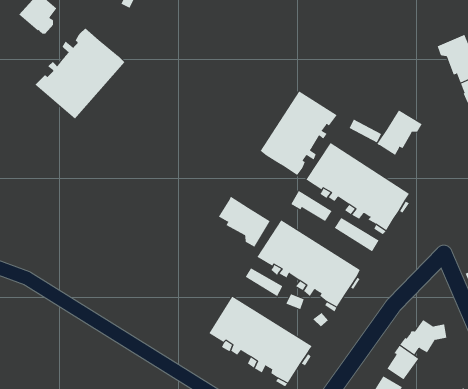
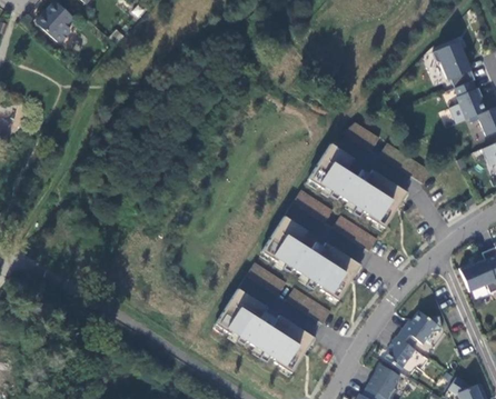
building: [34,27,125,120] -> none
building: [260,91,337,176] -> none
building: [376,109,422,156] -> none
building: [218,196,271,247] -> none

